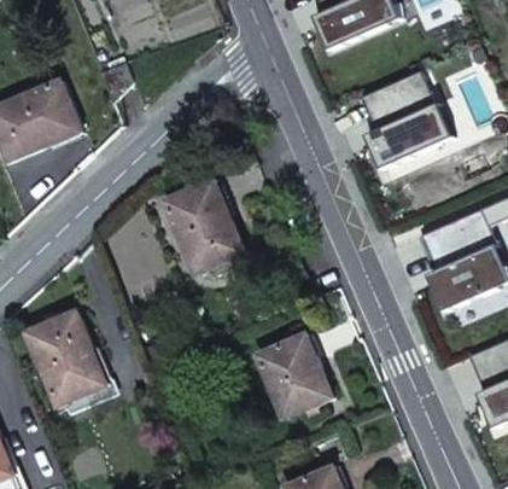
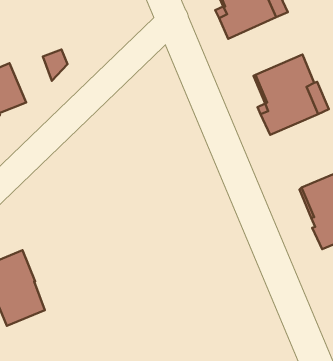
building: [165,181,246,273] -> none
building: [258,336,332,418] -> none

